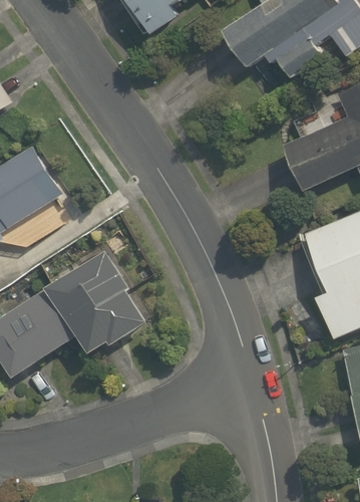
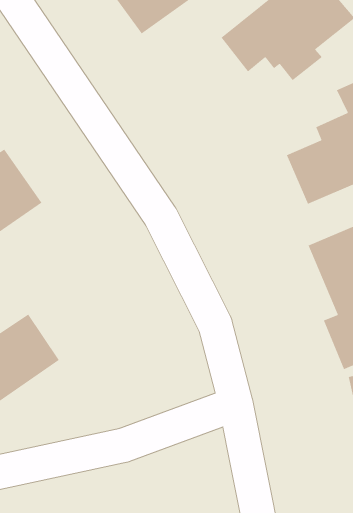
building: [47,253,147,357] -> none

